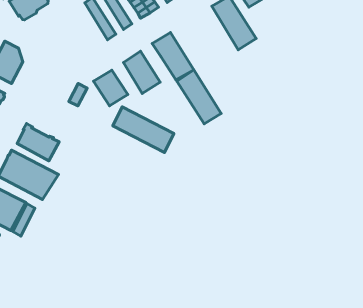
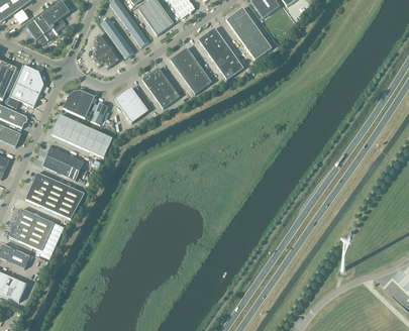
building: none -> [91,33,119,68]
building: [177,70,221,124] -> [198,26,243,79]
building: none -> [63,91,95,117]
building: [113,107,174,153] -> [52,114,112,156]

